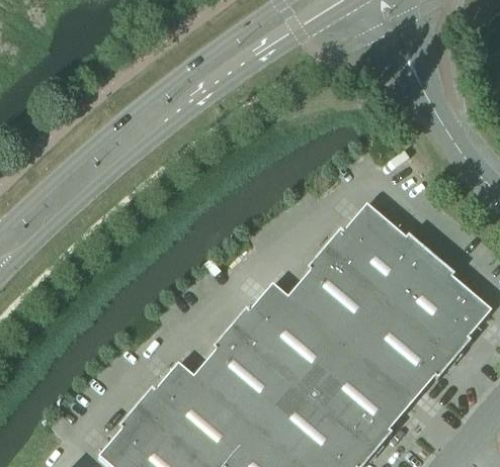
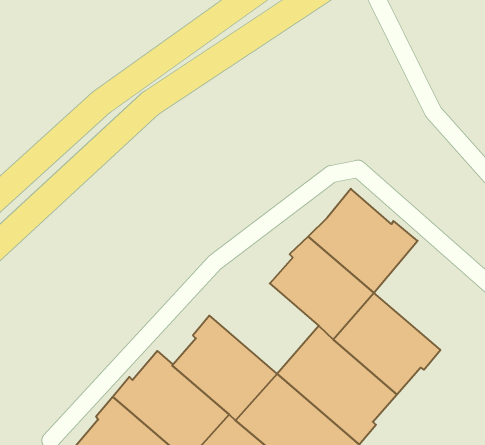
building: [389,256,491,362] -> none
building: [229,284,335,385] -> none

